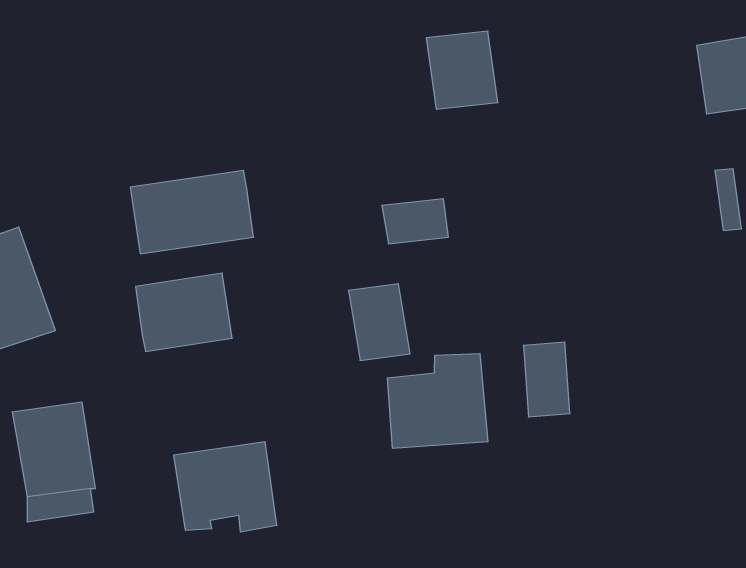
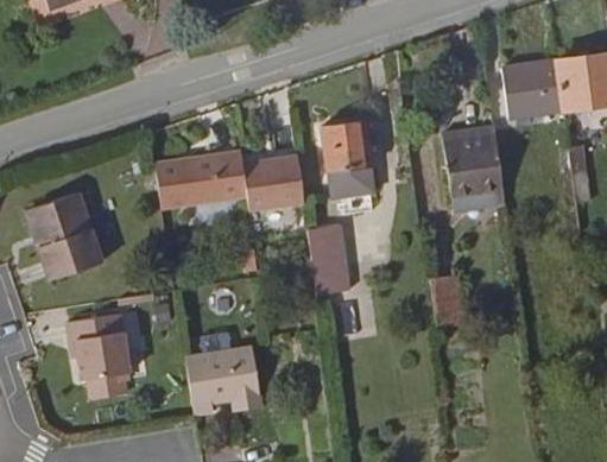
building: [426,31,498,109] -> [327,120,378,176]
building: none -> [502,62,565,119]
building: none -> [447,137,506,197]
building: [136,273,232,351] -> [238,154,306,210]
building: [387,353,488,448] -> none

